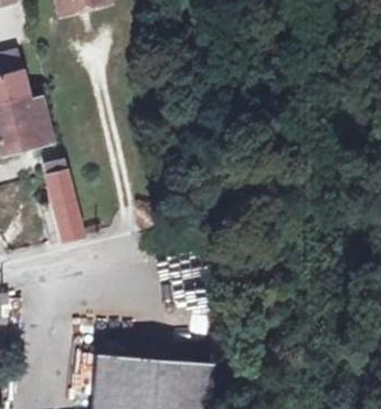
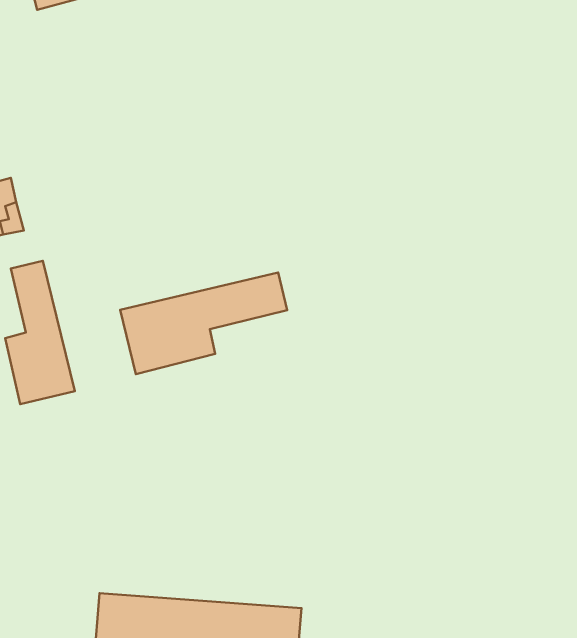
building: none -> [120,273,287,374]

